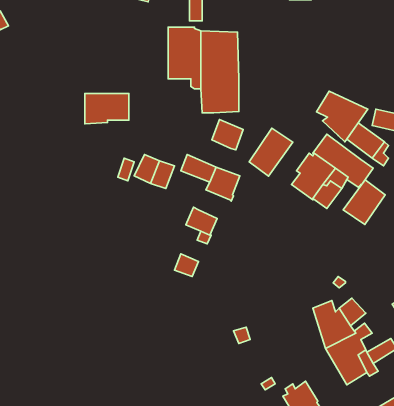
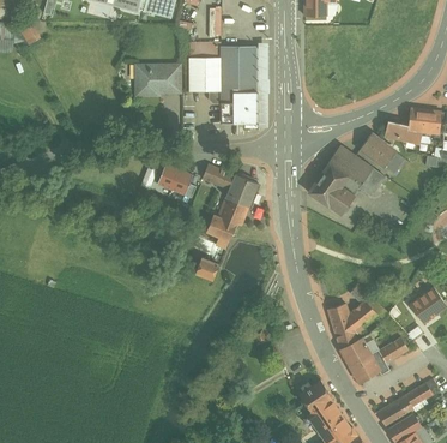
building: [317,91,368,142] -> none
building: [85,94,129,124] -> [137,66,179,95]
building: [212,120,243,150] -> [218,197,248,226]
building: [249,128,293,176] -> none
building: [343,180,385,225] -> none

